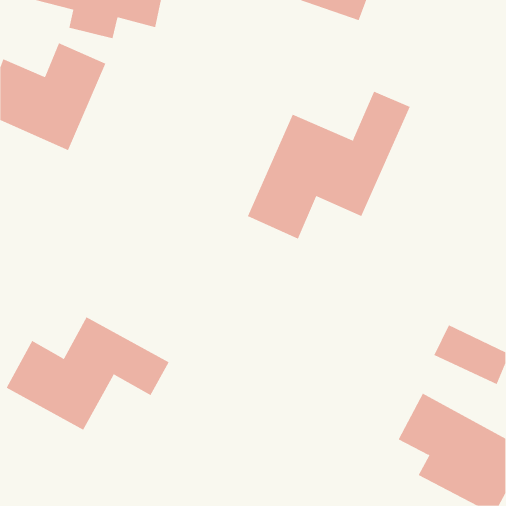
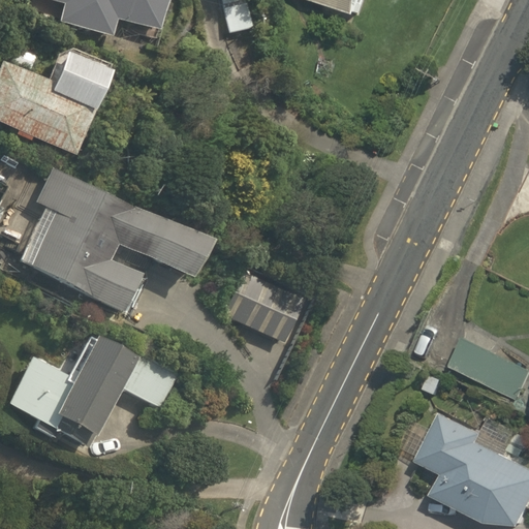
building: [247,91,410,239] -> none
building: none -> [21,166,210,315]
building: none -> [226,270,304,344]

